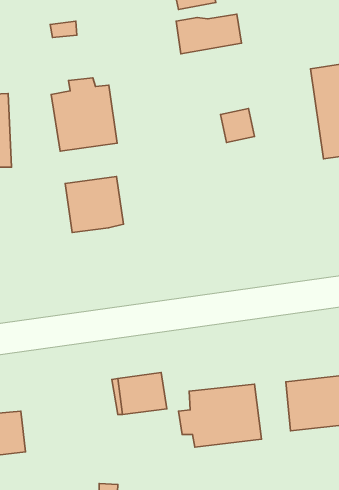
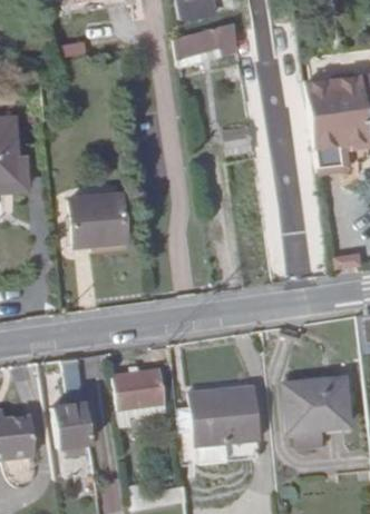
building: [51,78,117,151] -> none
building: none -> [51,356,94,449]

